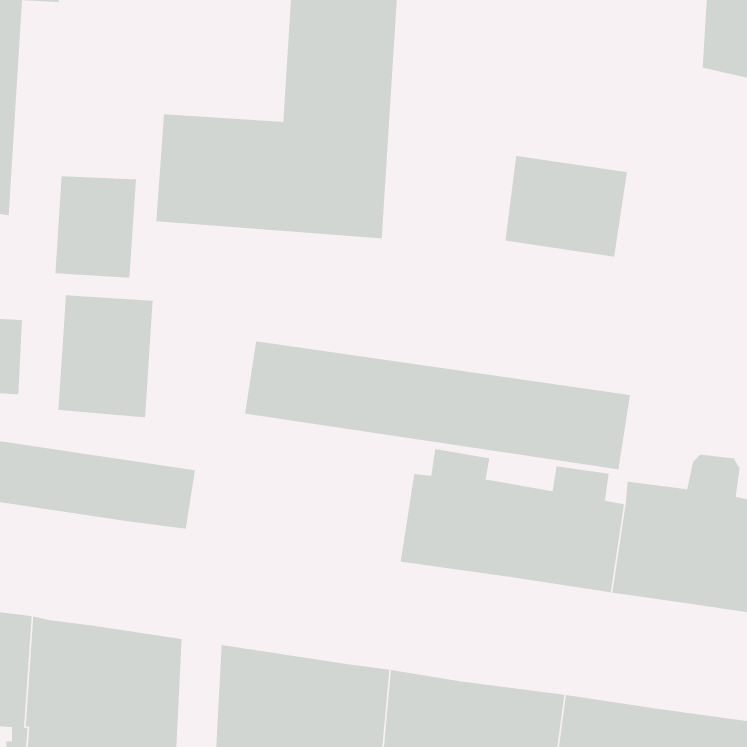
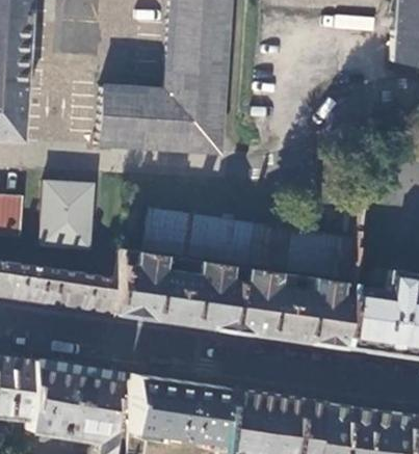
building: [505,155,627,257] -> none
building: [55,176,136,279] -> none
building: none -> [114,253,237,330]

